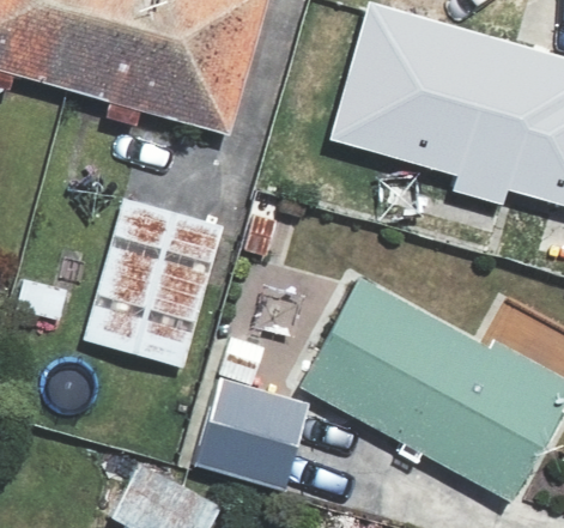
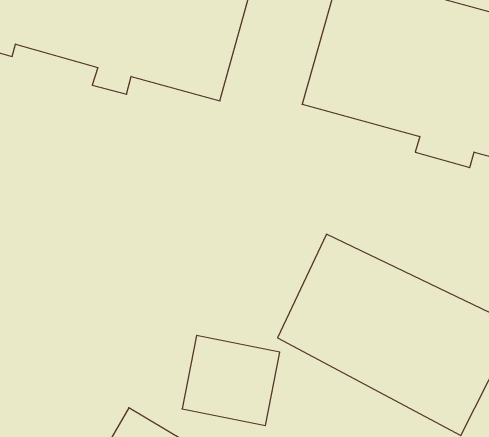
building: [87,192,228,369] -> none

